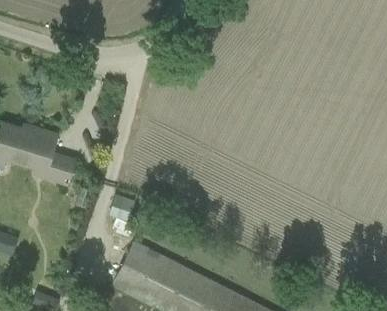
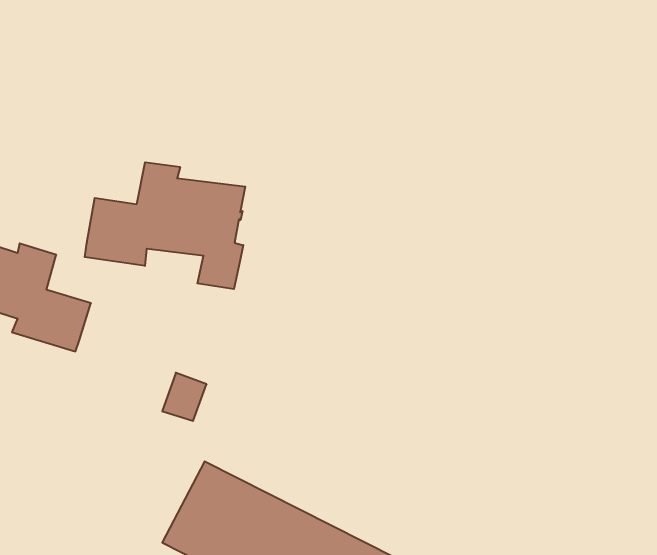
building: none -> [85,162,245,289]

